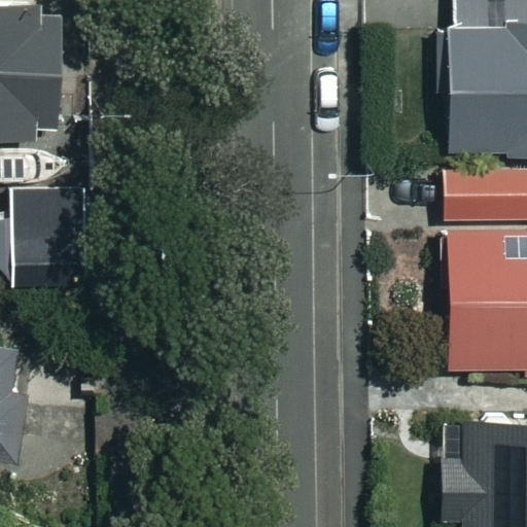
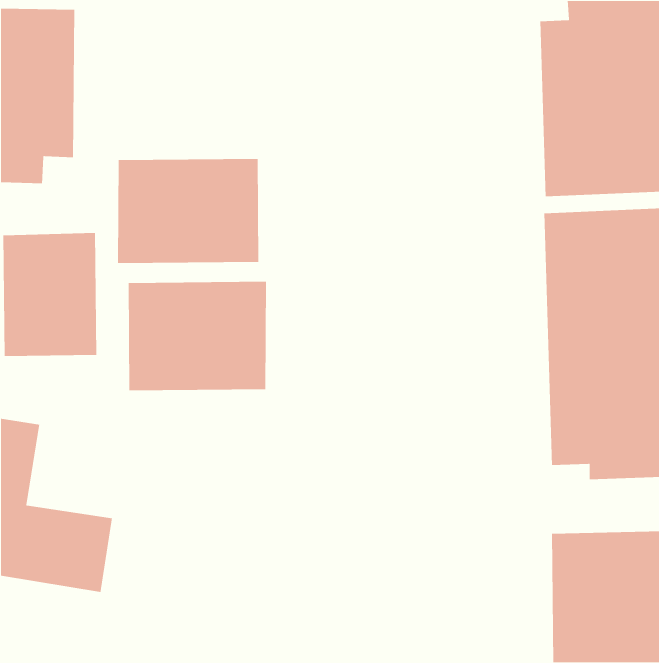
building: none -> [117,158,259,264]
building: none -> [128,281,267,391]

